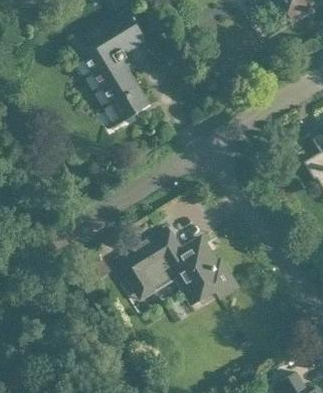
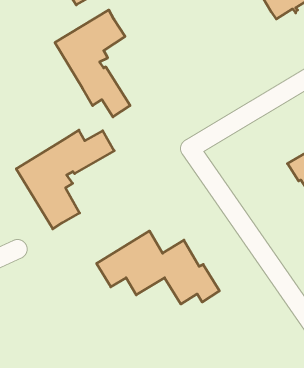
building: none -> [16,130,114,229]

